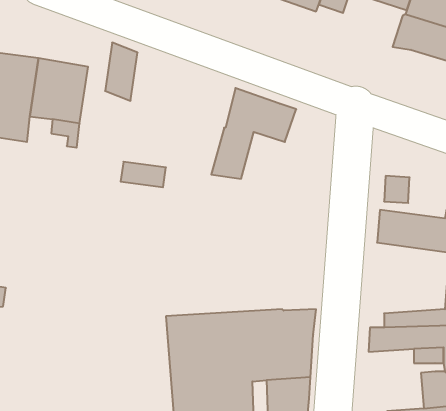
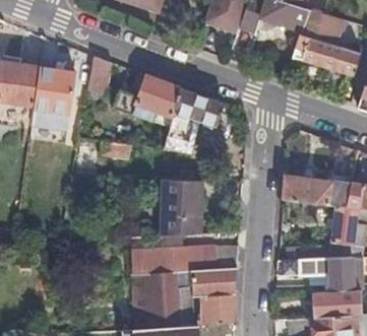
building: none -> [112,72,180,121]
building: none -> [160,179,200,236]

